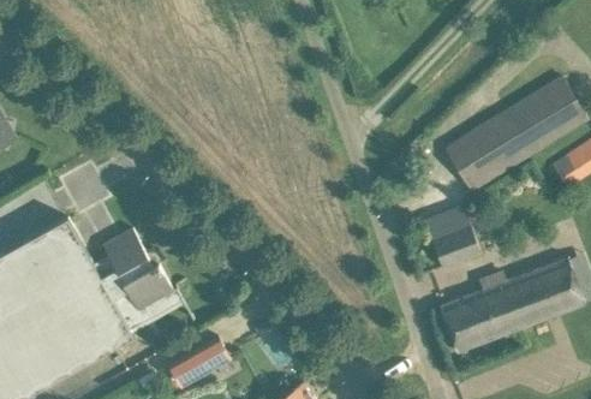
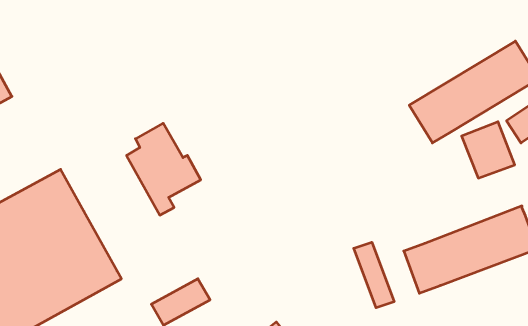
building: [424,207,482,268] -> [462,122,515,178]
building: [92,228,173,328] -> [127,123,201,215]
building: none -> [354,242,394,308]

